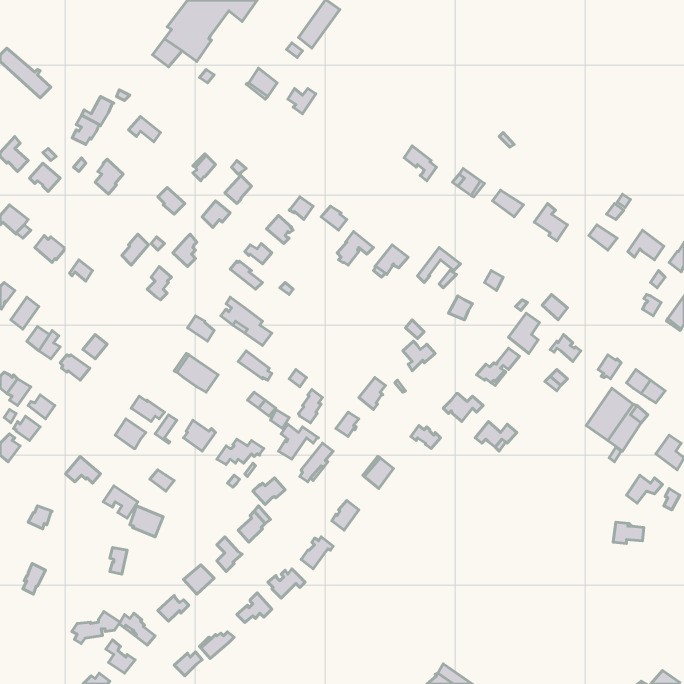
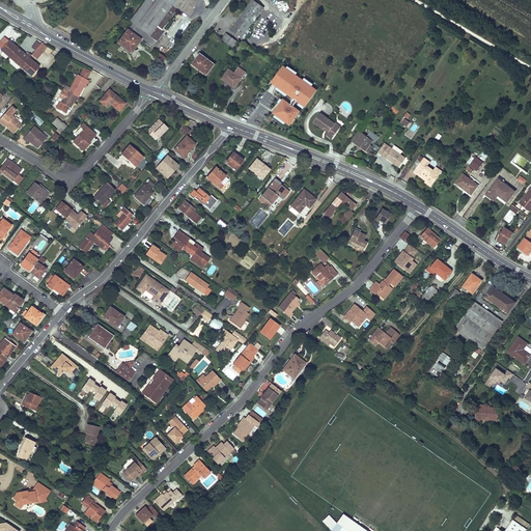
building: none -> [268,62,318,124]
building: none -> [79,225,113,252]
building: none -> [143,369,172,402]
building: [72,612,120,644] -> [12,483,50,508]

